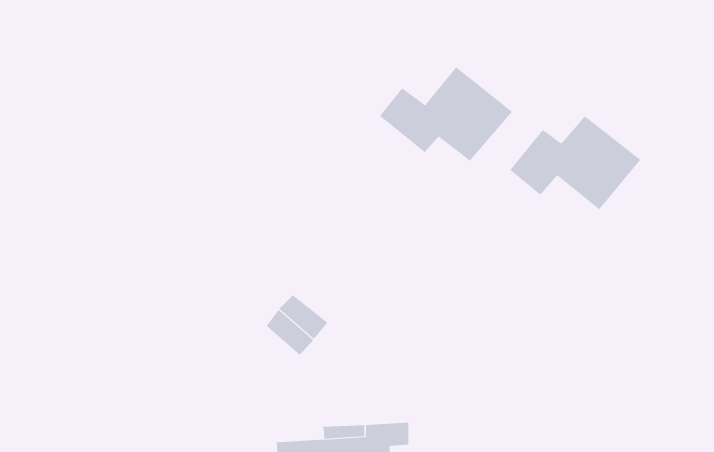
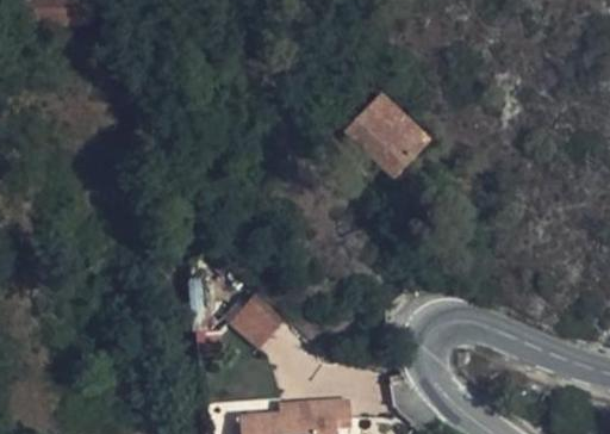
building: [510,116,641,210] -> none

